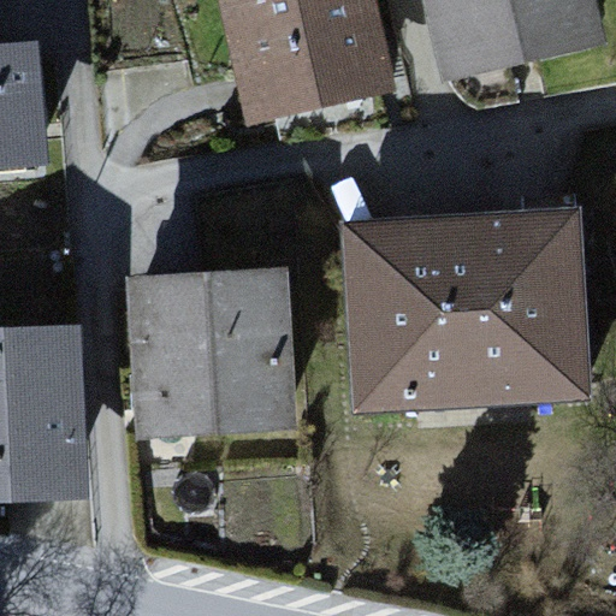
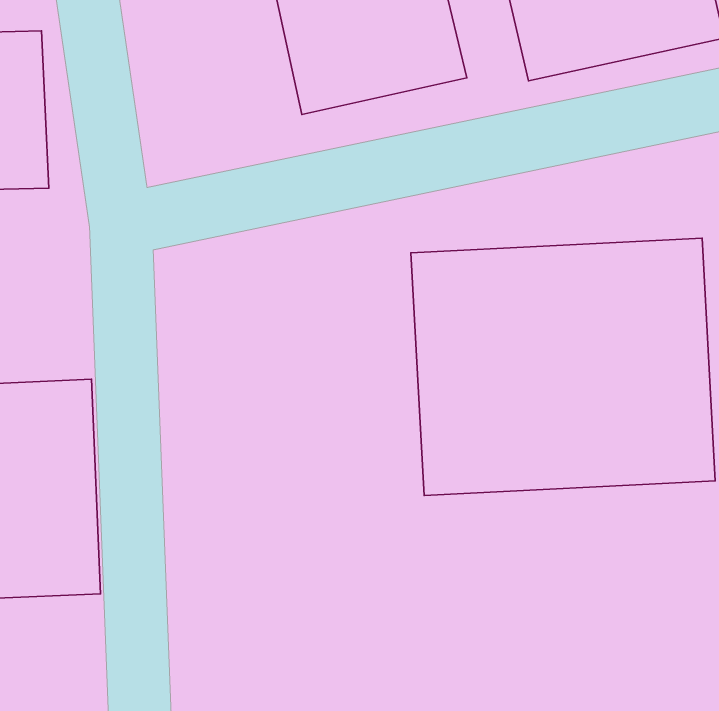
building: [154,265,296,443] -> none

